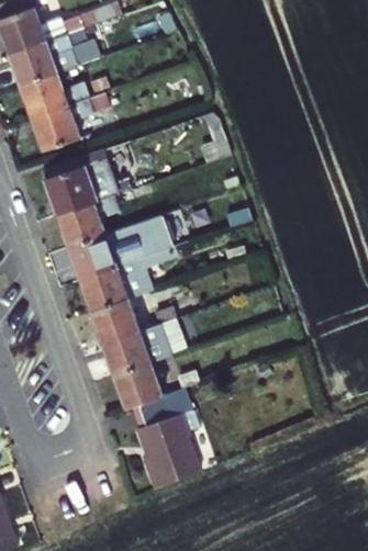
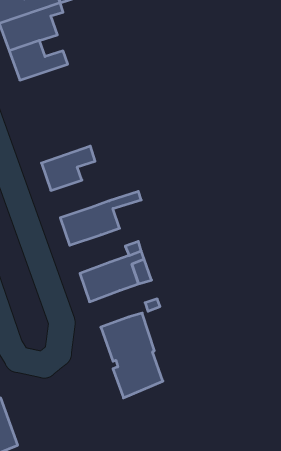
building: [30,94,104,153] -> none
building: [40,151,127,215] -> none
building: [66,215,168,279] -> none
building: [88,299,135,344] -> none
building: [111,363,157,406] -> none

